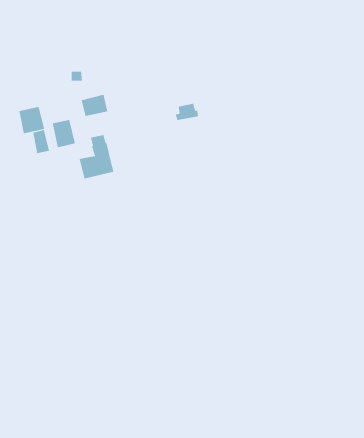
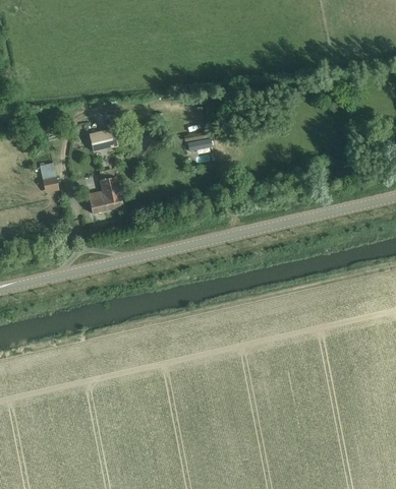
building: [19,106,45,134] -> none
building: [52,119,76,148] -> none

